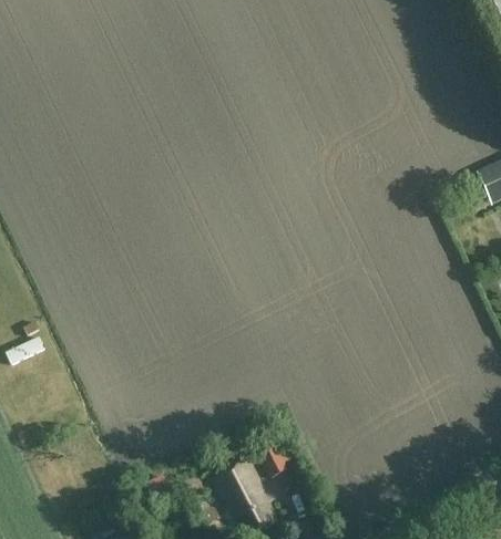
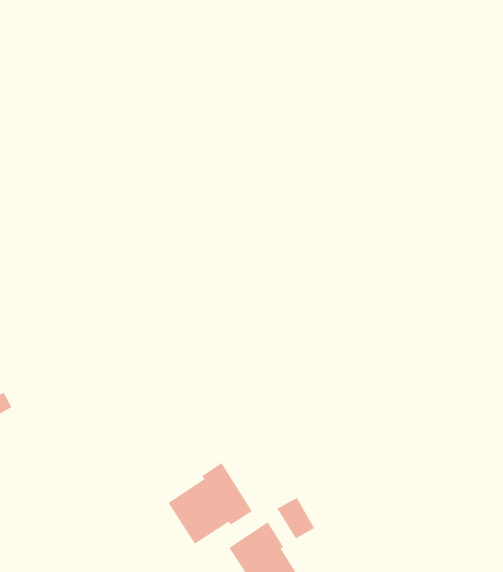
building: none -> [168,462,252,545]

